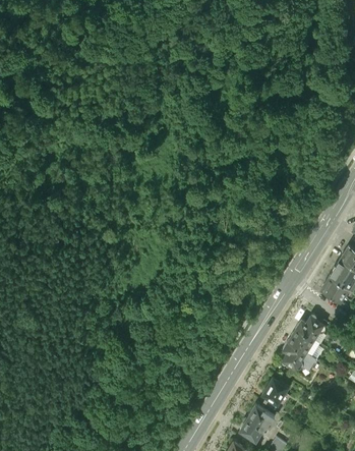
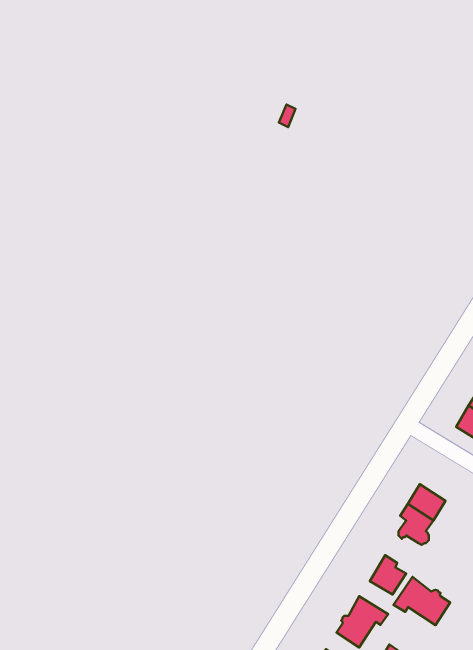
building: [297,316,327,341] -> none
building: none -> [393,577,450,625]

